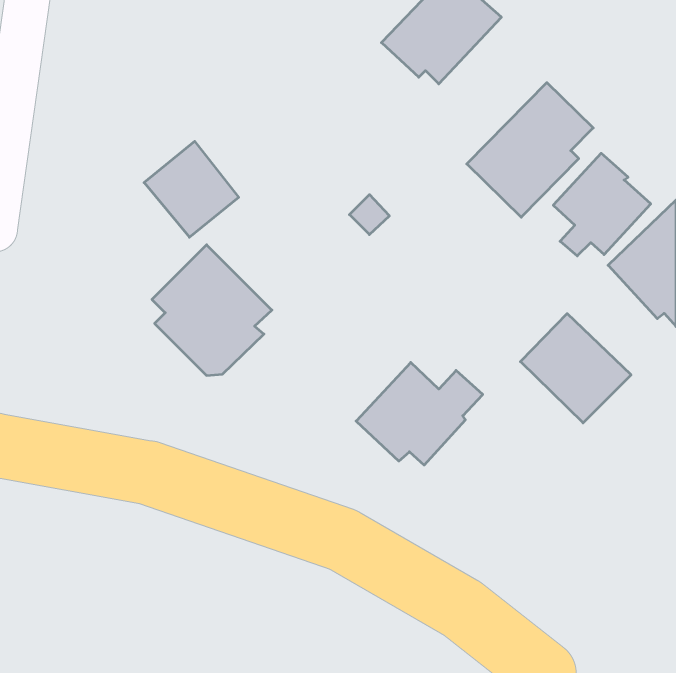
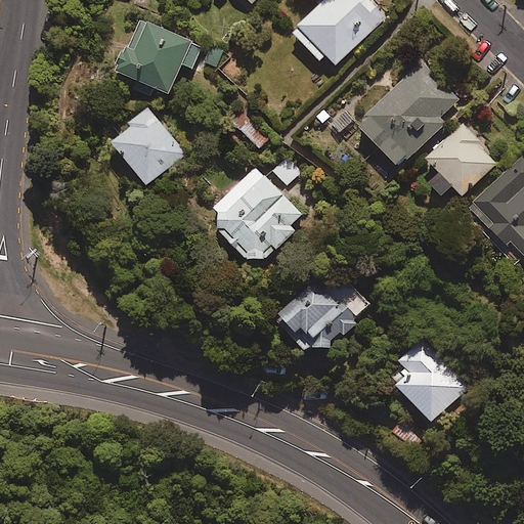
building: none -> [121,21,200,95]
building: [152,245,272,375] -> [211,164,303,264]
building: [520,314,631,423] -> [385,338,470,422]

